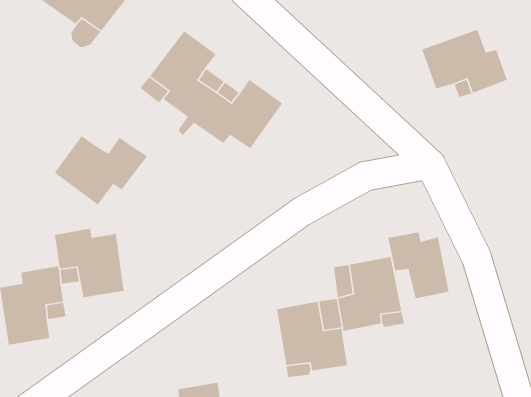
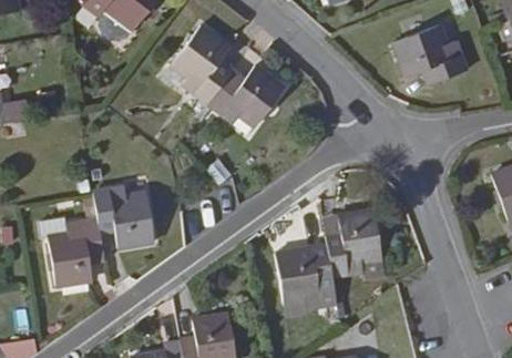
building: [54,135,148,205] -> none
building: [387,232,449,299] -> none

